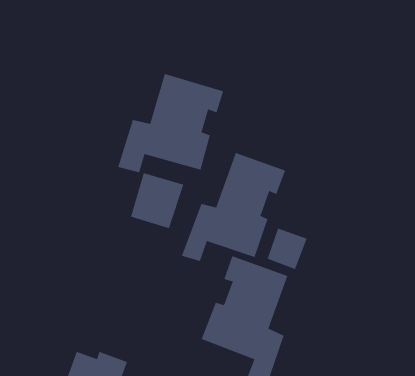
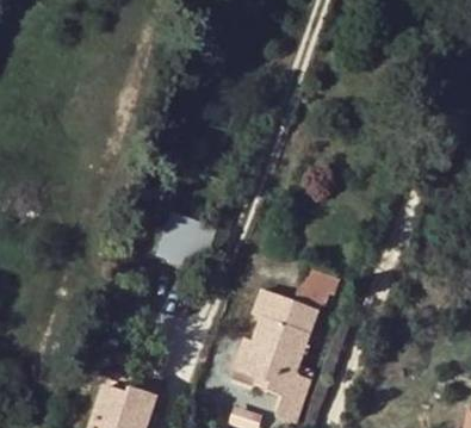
building: [118,73,224,173] -> none
building: [181,152,286,262] -> none

